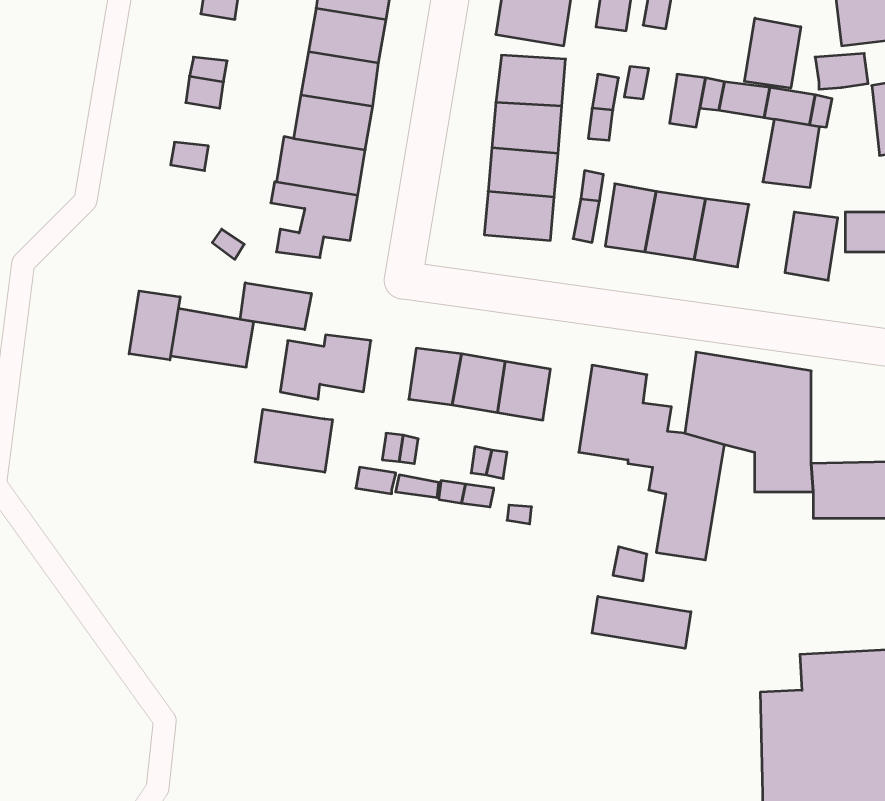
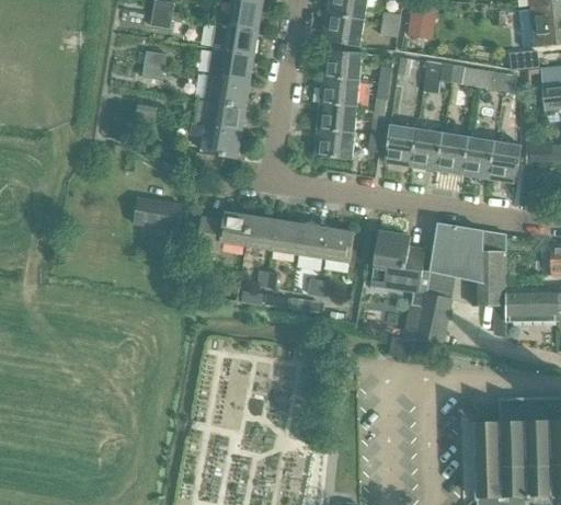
building: [744,18,801,88] -> none
building: [763,119,820,187] -> [462,137,495,176]
building: [240,283,311,330] -> none
building: [129,291,180,360] -> none
building: none -> [245,216,276,250]
building: [255,409,332,472] -> none
building: [592,596,691,648] -> none

